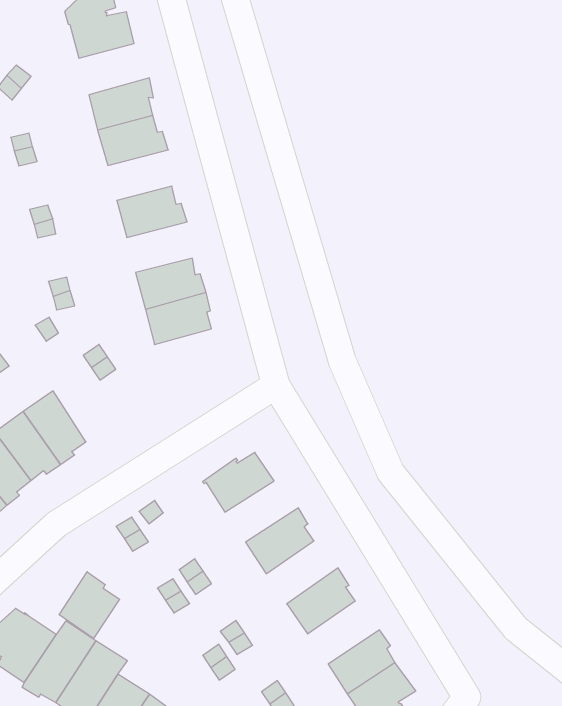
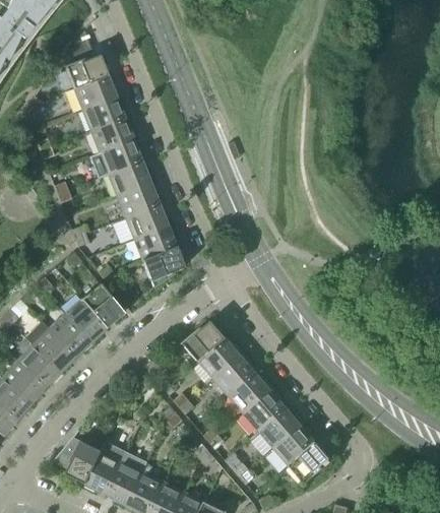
building: none -> [72,75,118,111]
building: none -> [99,139,140,175]
building: none -> [116,183,159,218]
building: none -> [141,248,183,288]
building: none -> [81,284,123,328]
building: none -> [198,338,244,379]
building: none -> [229,373,273,414]
building: [59,572,120,638] -> none
building: none -> [252,407,304,455]

